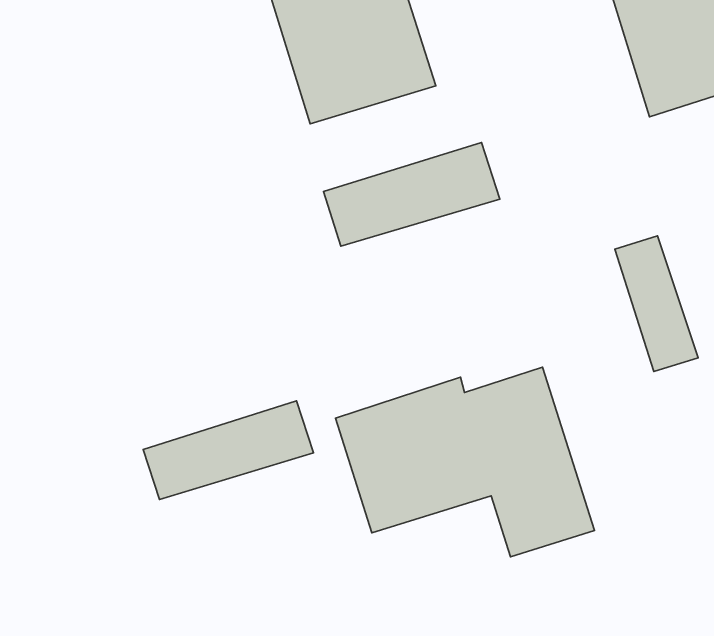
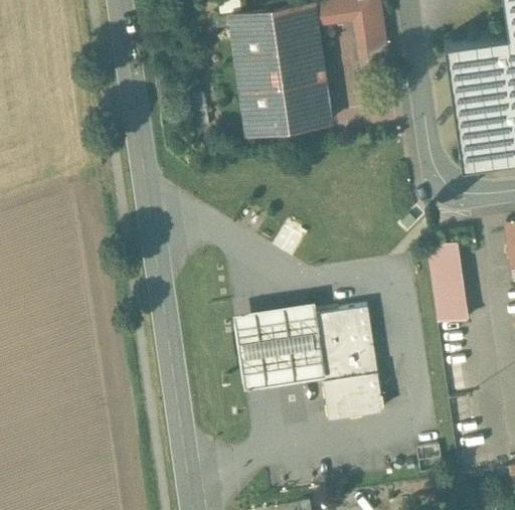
building: [323,143,500,246] -> none
building: [143,401,314,500] -> none

